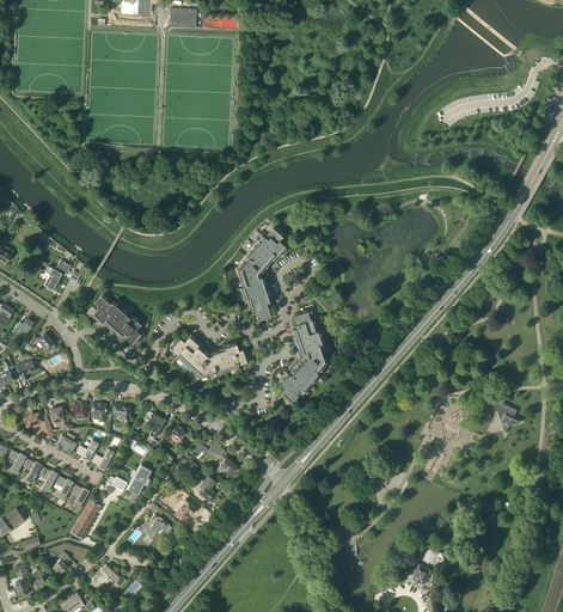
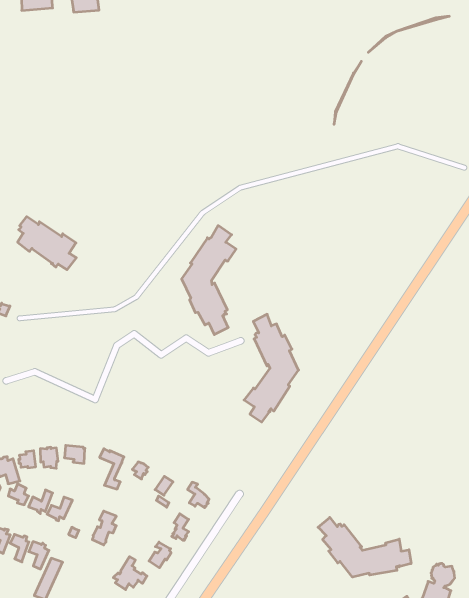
building: [91,294,142,345] -> [18,217,76,270]
building: [169,335,247,379] -> none
building: none -> [318,517,411,577]

